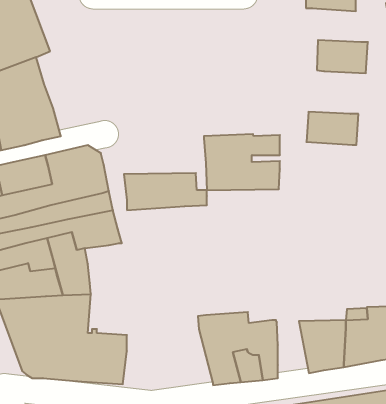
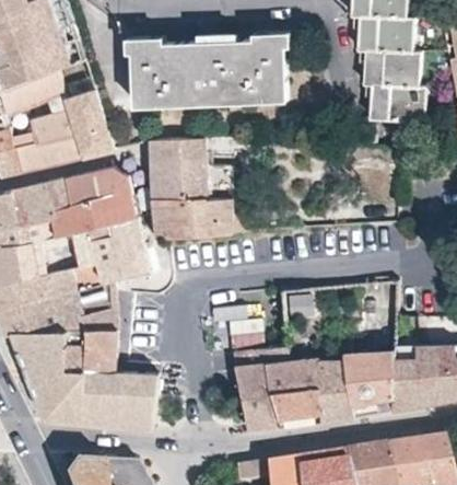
building: none -> [358,16,414,54]
building: none -> [132,38,288,105]
building: none -> [66,91,114,157]
building: [306,112,358,145] -> [370,85,426,122]
building: [204,134,280,190] -> [150,137,233,198]
building: none -> [320,359,355,422]

